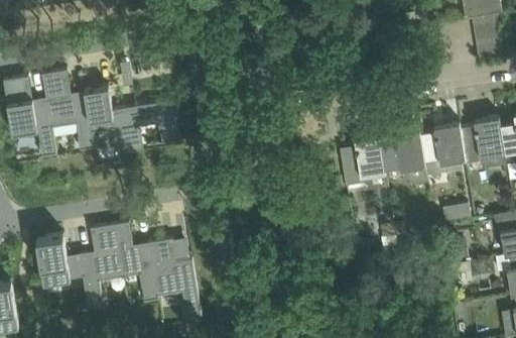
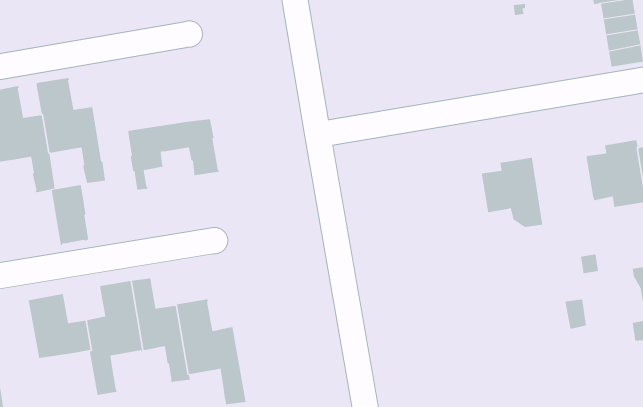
building: [85,87,114,133] -> [51,185,89,246]
building: [420,123,465,176] -> none
building: [340,136,385,186] -> none

